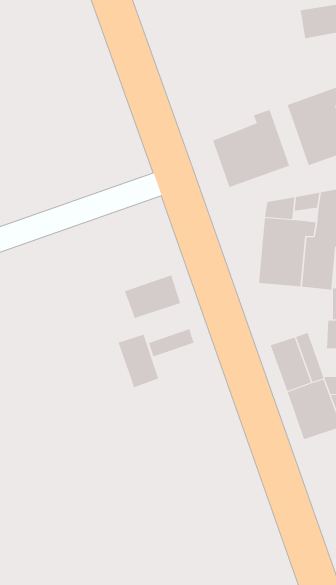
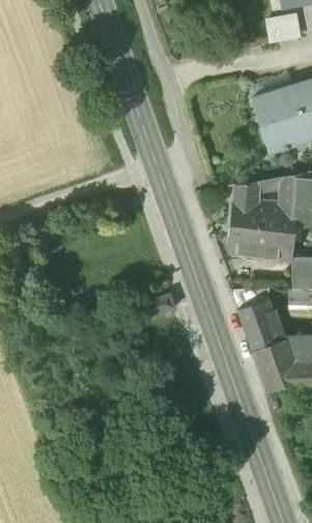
building: [212,109,290,188] -> none
building: [124,275,181,319] -> none
building: [118,334,159,388] -> none

